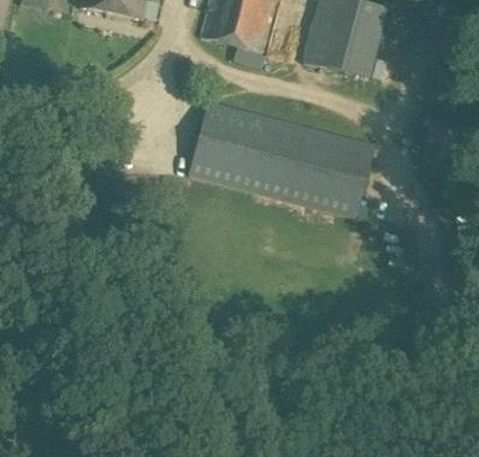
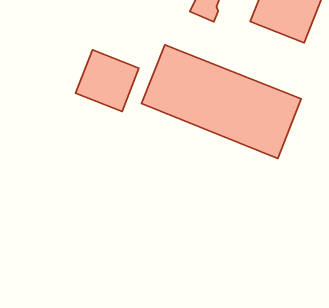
building: none -> [76,50,139,112]

